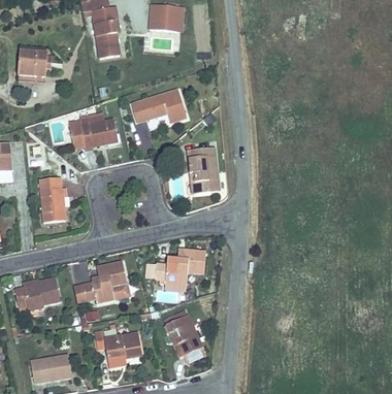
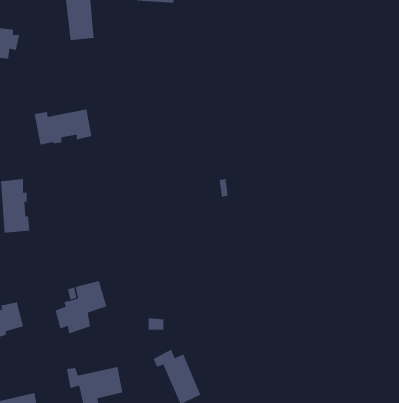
building: [132,89,185,120] -> none
building: [186,145,217,191] -> none
building: [154,250,203,284] -> none

